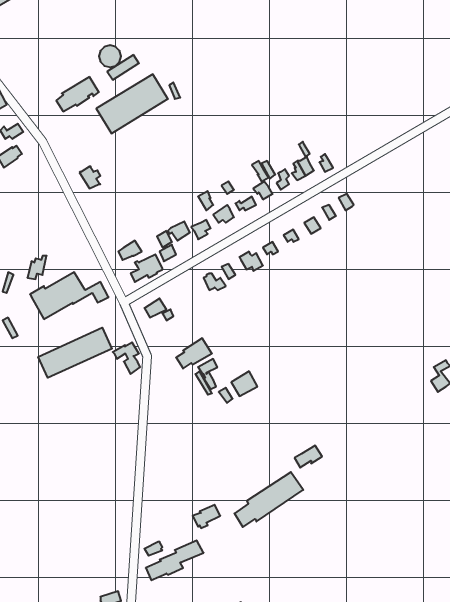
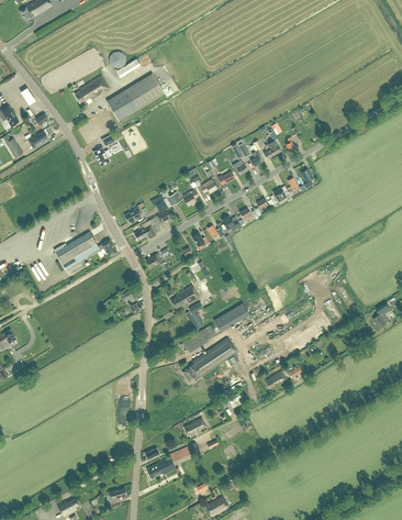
building: [38,328,112,378] -> none
building: [234,472,303,527] -> [182,338,237,381]

